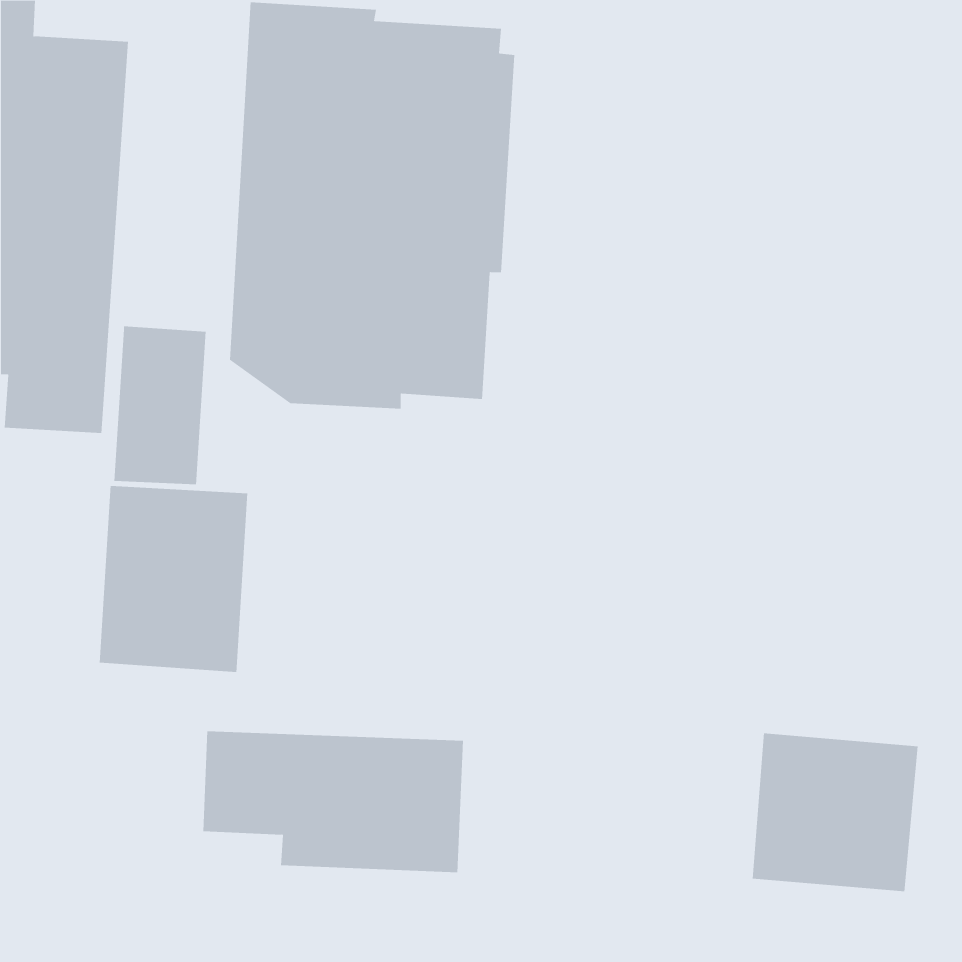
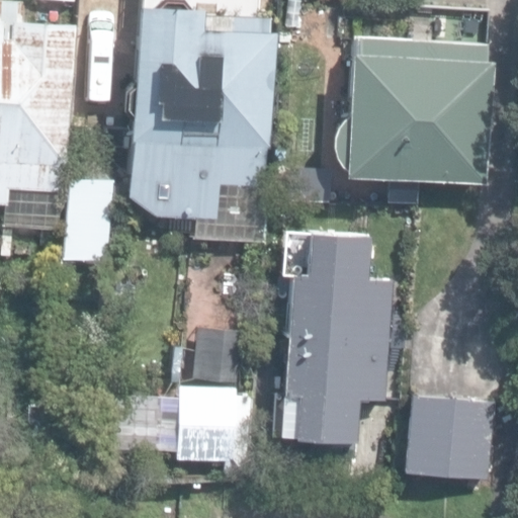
building: none -> [343,37,490,182]
building: none -> [281,232,395,461]
building: [99,485,248,673] -> none

